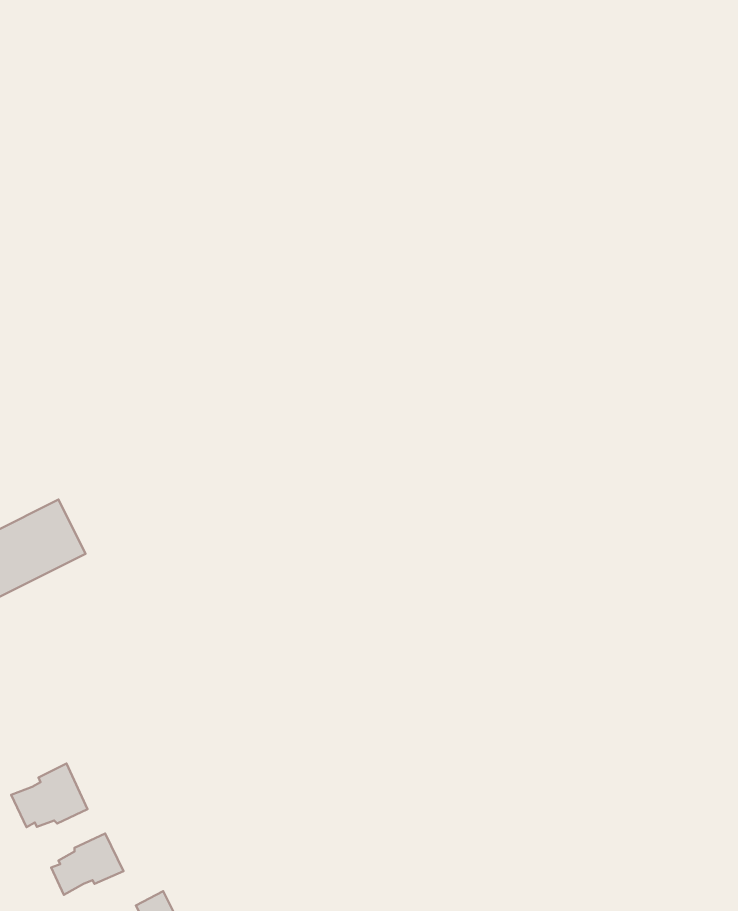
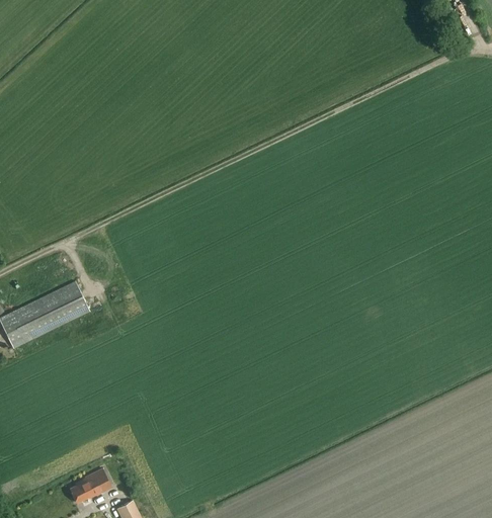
building: [11,763,88,827] -> none

